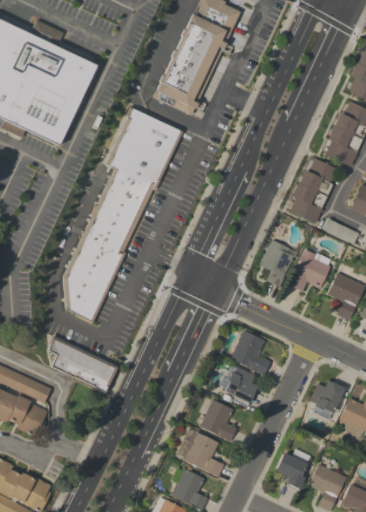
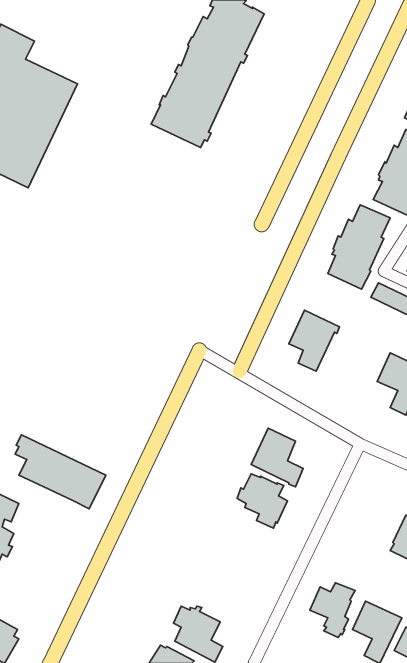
building: [63,105,182,323] -> none
building: [289,249,330,290] -> none
building: [309,380,345,419] -> none
building: [195,396,236,441] -> none
building: [174,427,224,476] -> none

